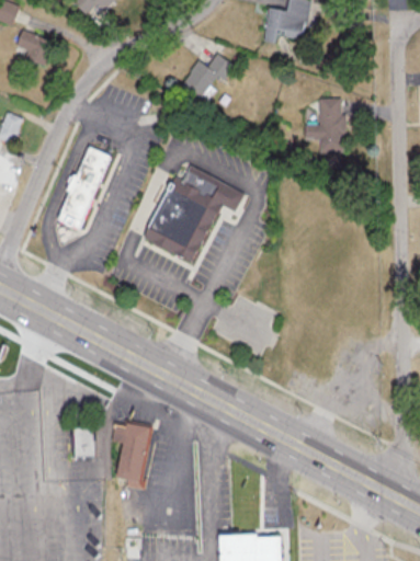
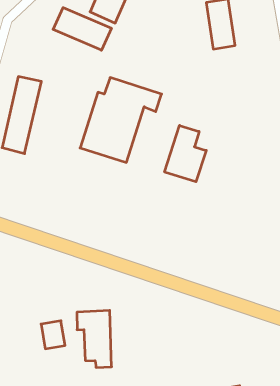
building: none -> [53,8,111,50]
building: none -> [165,125,206,182]

